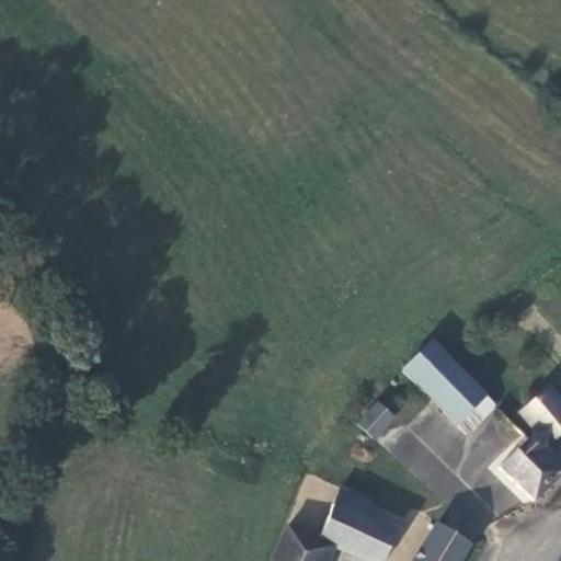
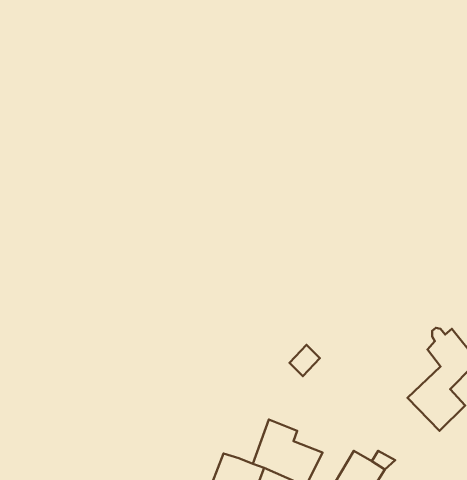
building: [398,341,490,434] -> none

